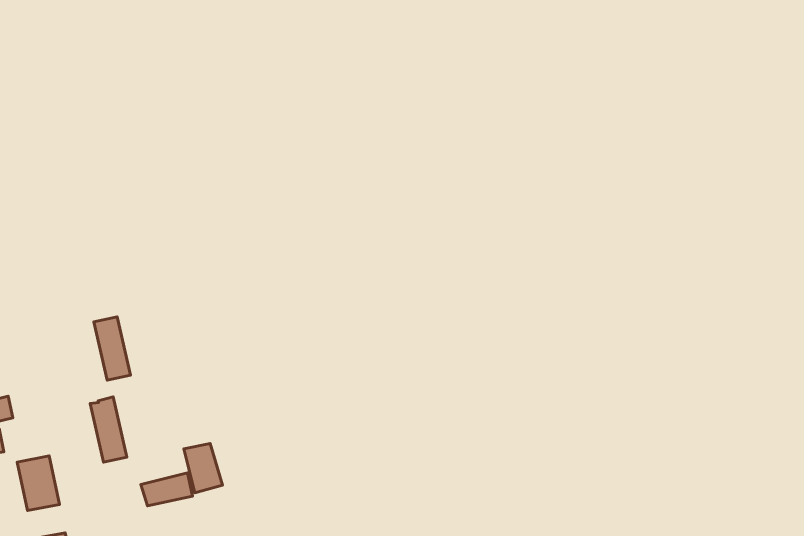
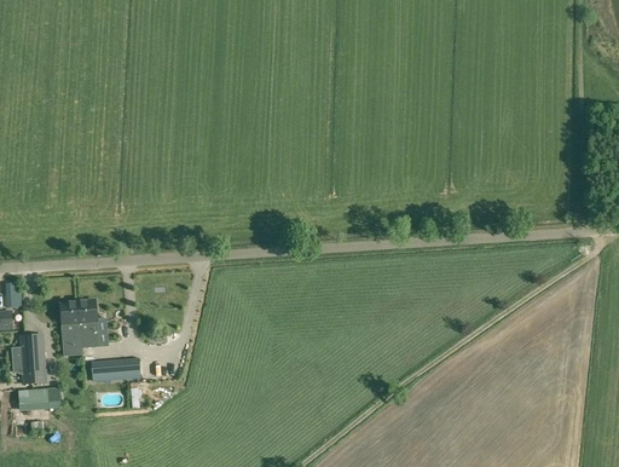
building: [94,317,131,380] -> [59,302,80,346]
building: [184,443,222,493] -> none

